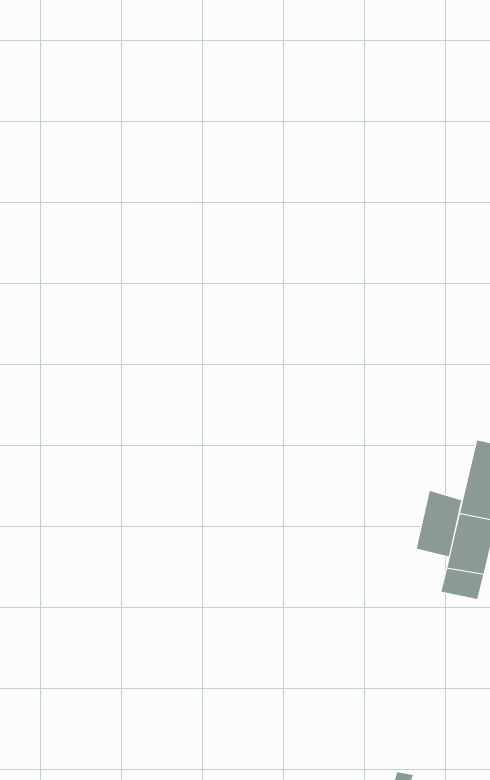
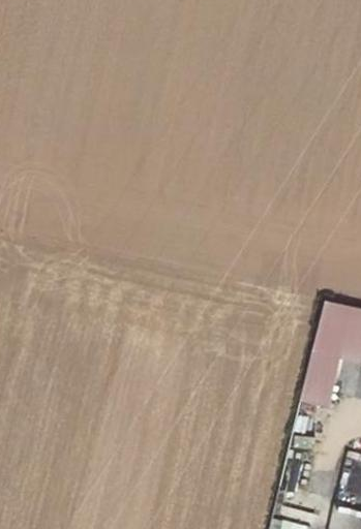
building: [416,490,462,557] -> none

